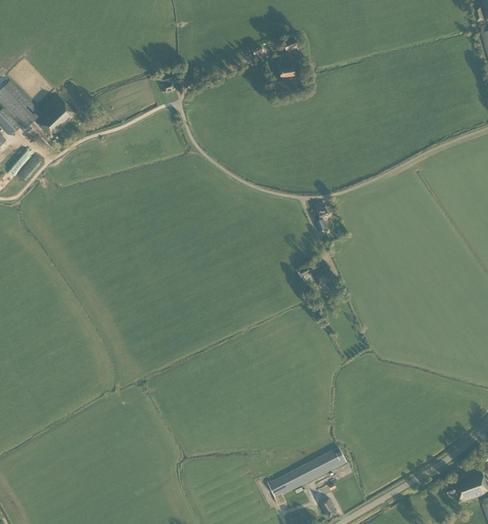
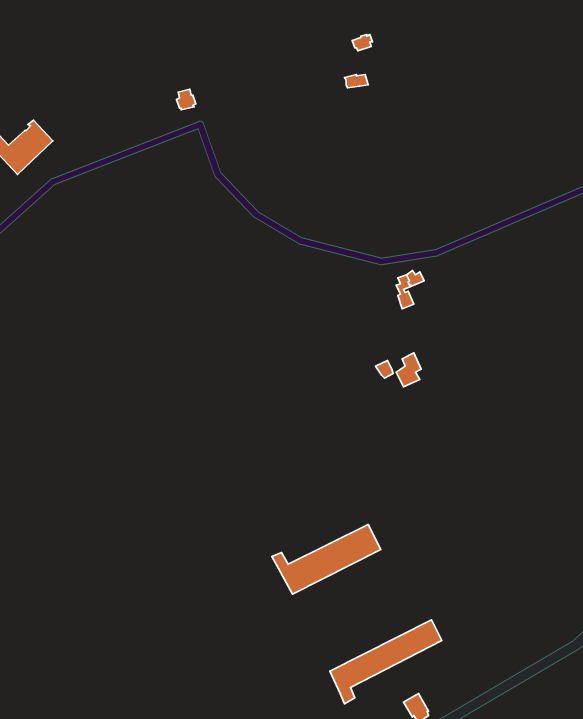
building: none -> [272,525,381,594]

